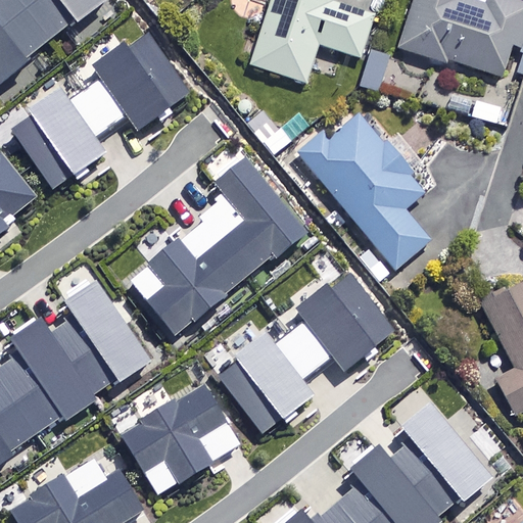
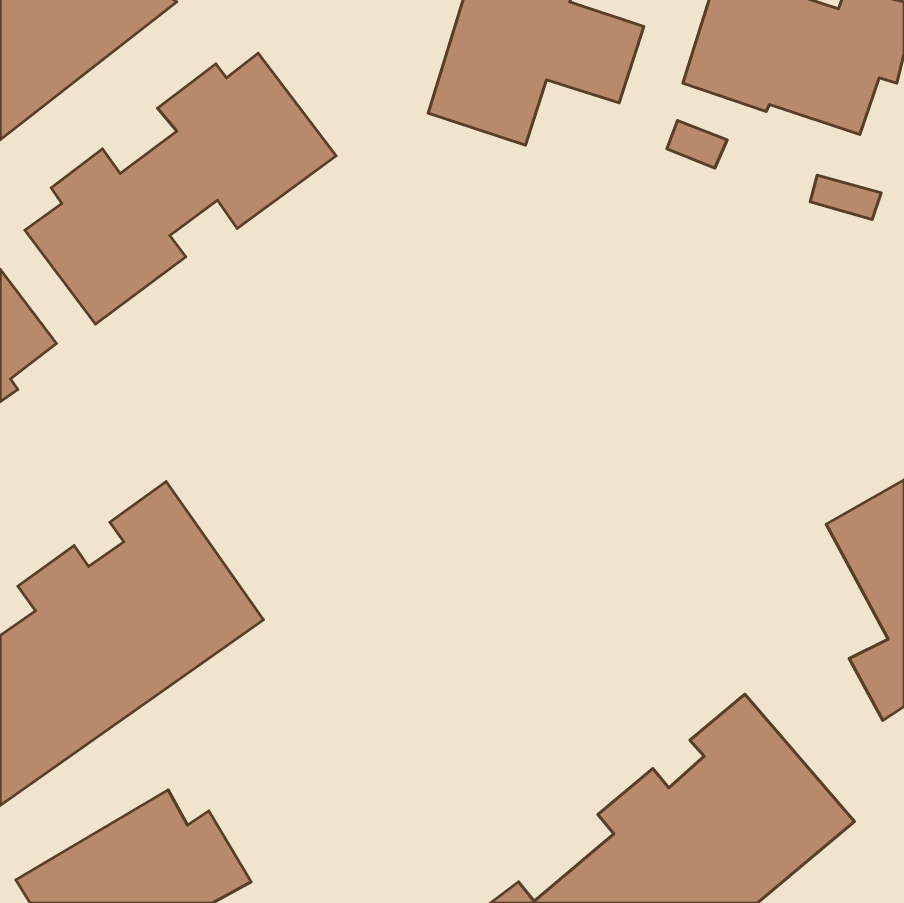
building: [293,113,427,270] -> none
building: [133,156,304,333] -> none
building: [219,275,393,431] -> none
building: [123,383,241,494] -> none

